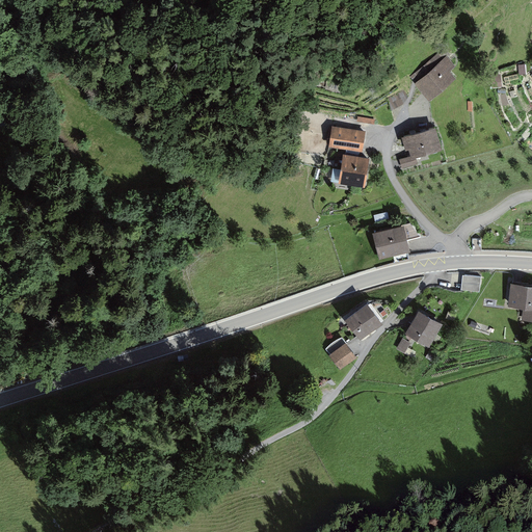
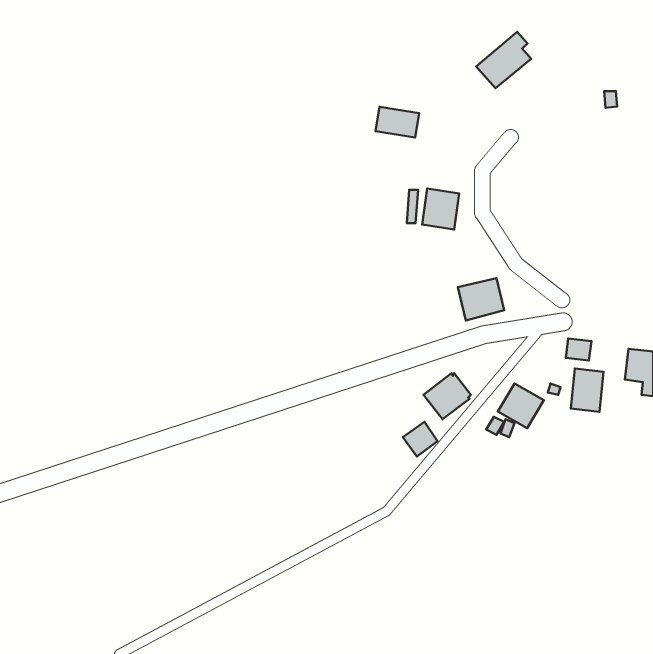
building: [417,54,461,100] -> [476,32,531,88]
building: [331,125,367,150] -> [375,107,419,138]
building: [406,126,447,157] -> none
building: none -> [571,369,603,412]

